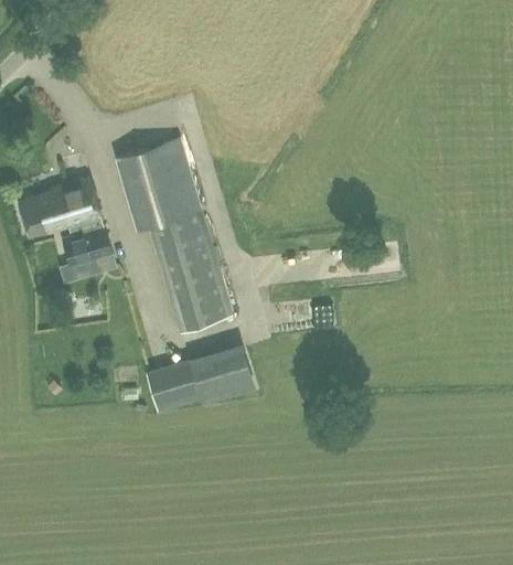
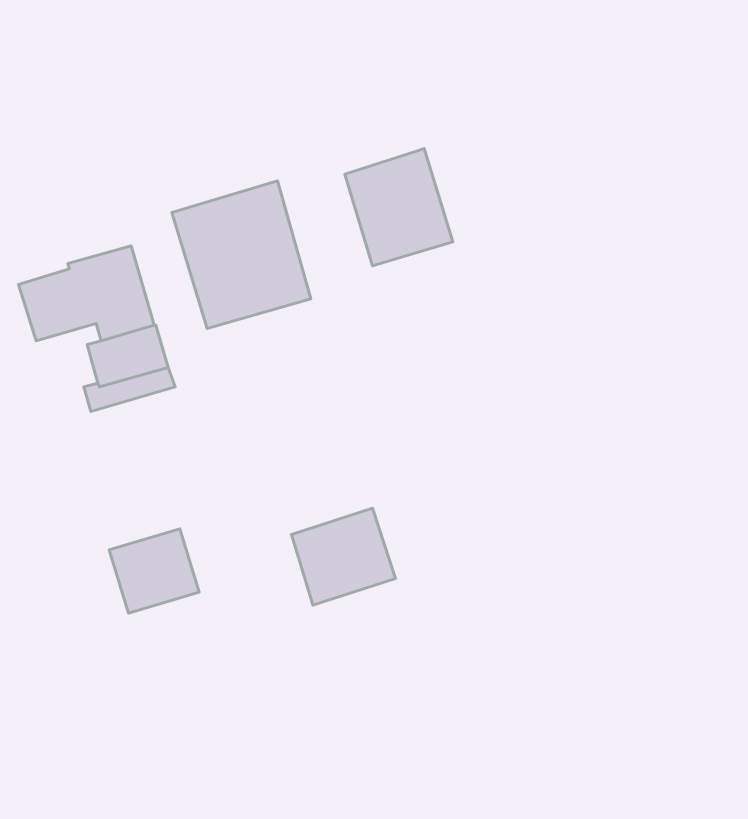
building: none -> [345,148,453,266]
building: [150,213,234,333] -> none
building: [147,361,203,414] -> [109,529,199,613]

